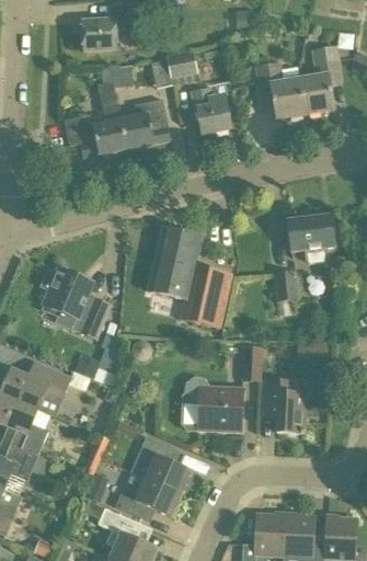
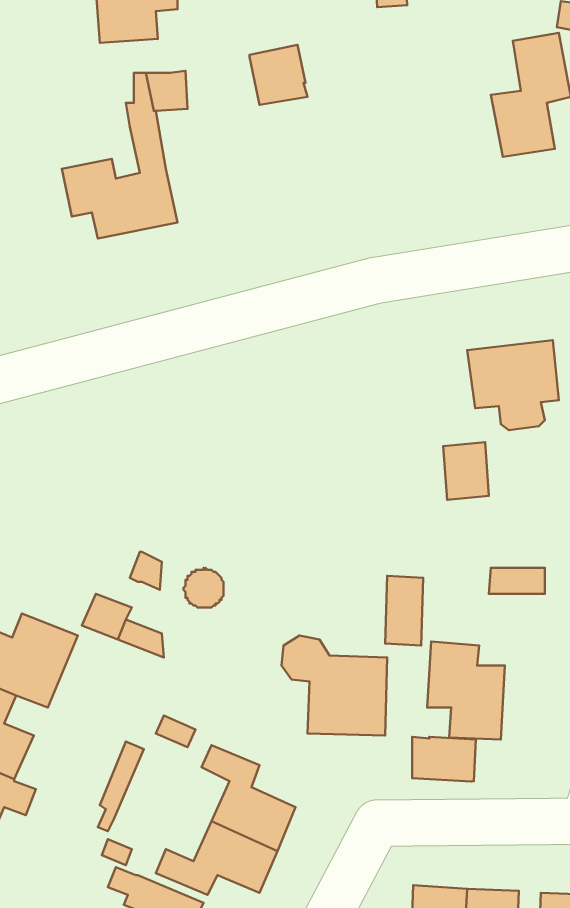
building: [254,57,306,118] -> none
building: [190,87,231,134] -> none
building: [121,99,171,149] -> none
building: [149,226,232,328] -> none
building: [39,266,113,339] -> none
building: none -> [412,737,476,781]

